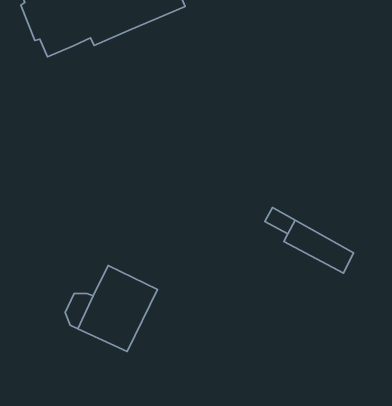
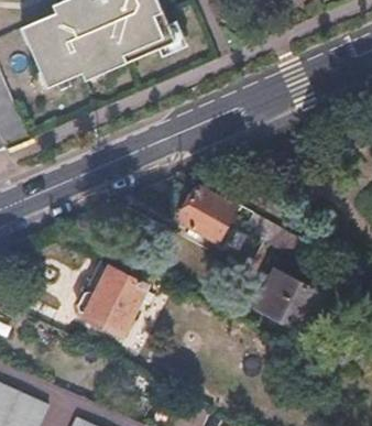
building: none -> [177,186,239,243]
building: none -> [254,269,321,330]

